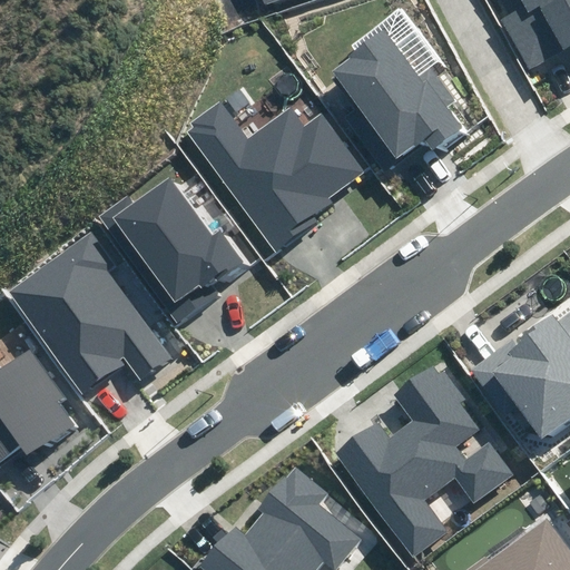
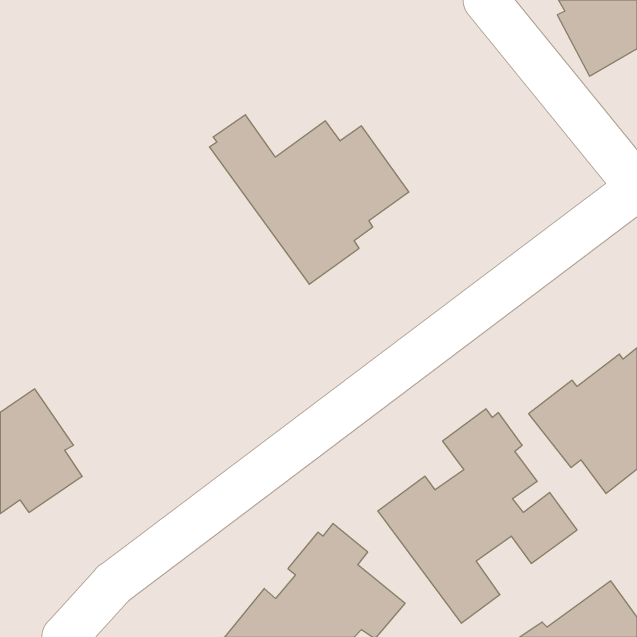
building: [332,27,463,158] -> none
building: [97,178,243,324] -> none
building: [12,233,171,392] -> none

